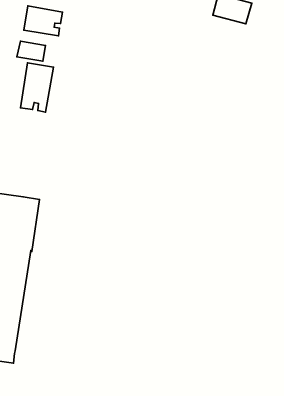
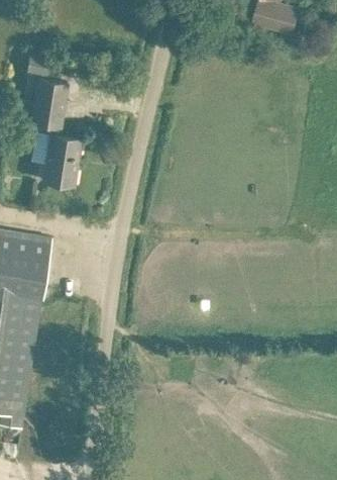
building: [24,6,62,36] -> none
building: none -> [41,133,81,185]

